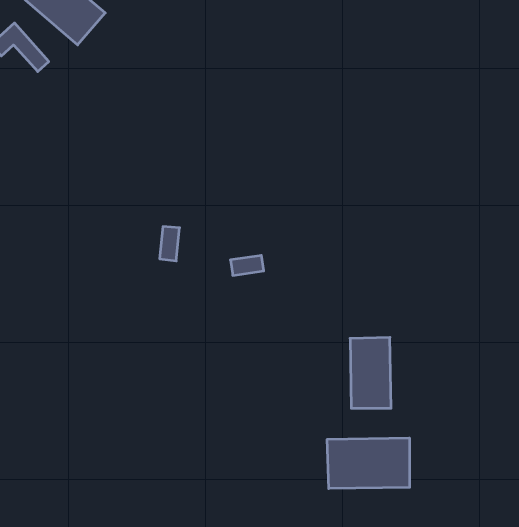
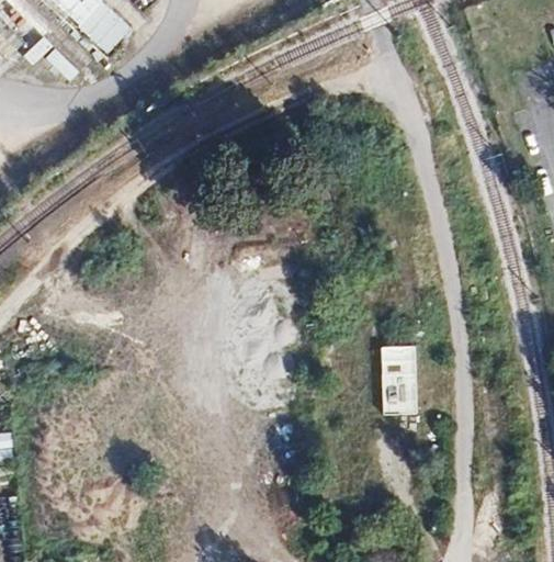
building: [327,438,410,489] -> none

